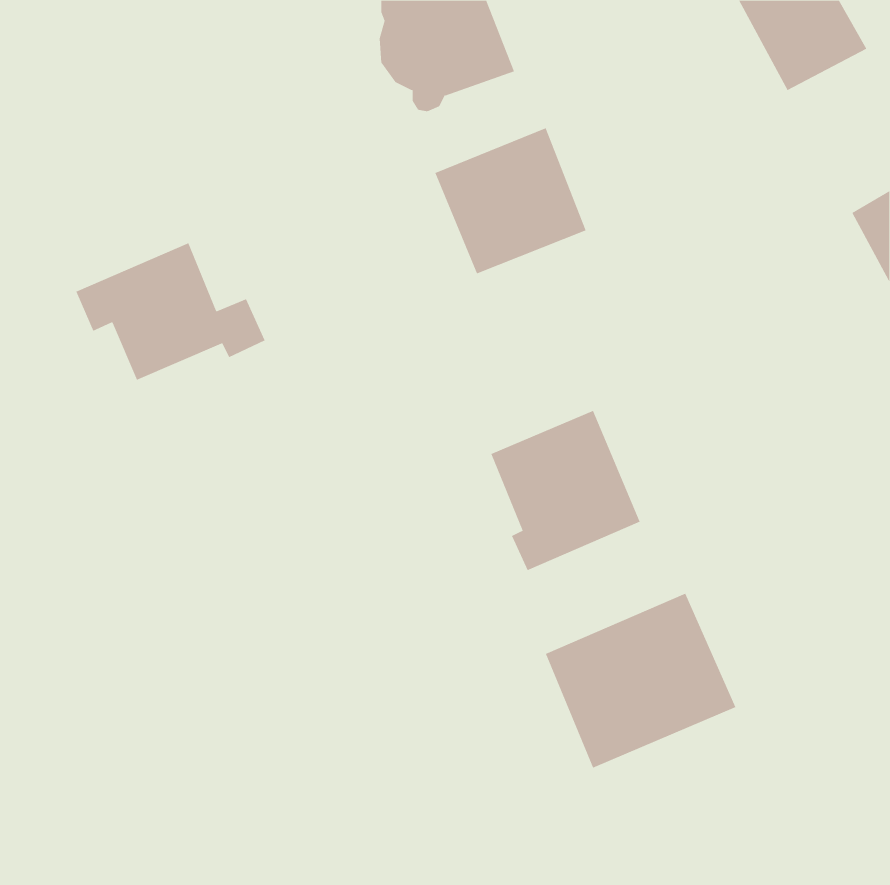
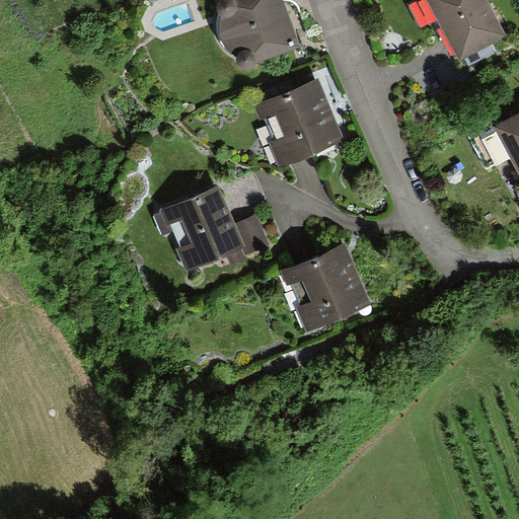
building: [75,243,266,381] -> [152,186,263,266]
building: [545,593,736,769] -> none

